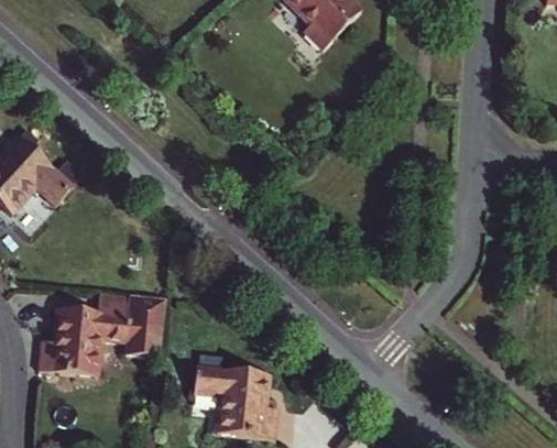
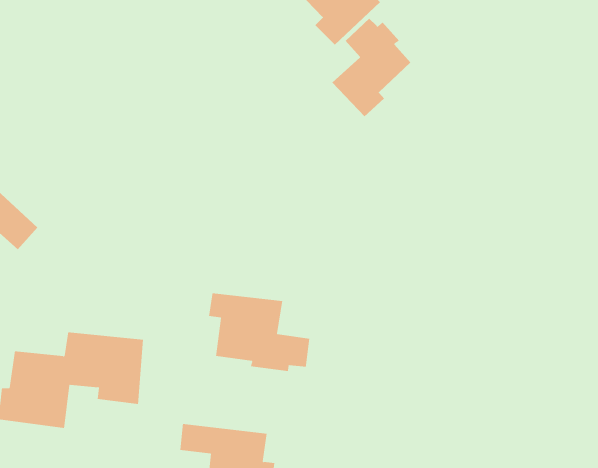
building: none -> [332,18,411,117]
building: none -> [208,292,310,372]

